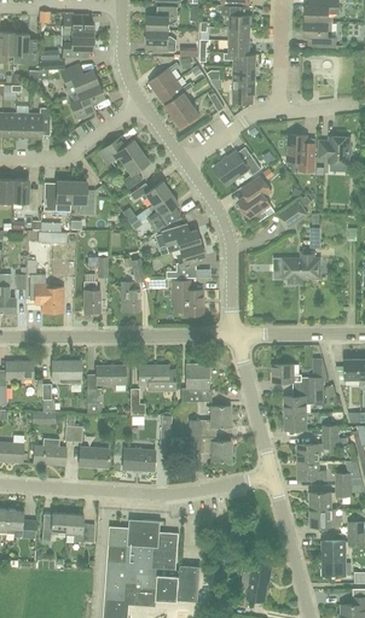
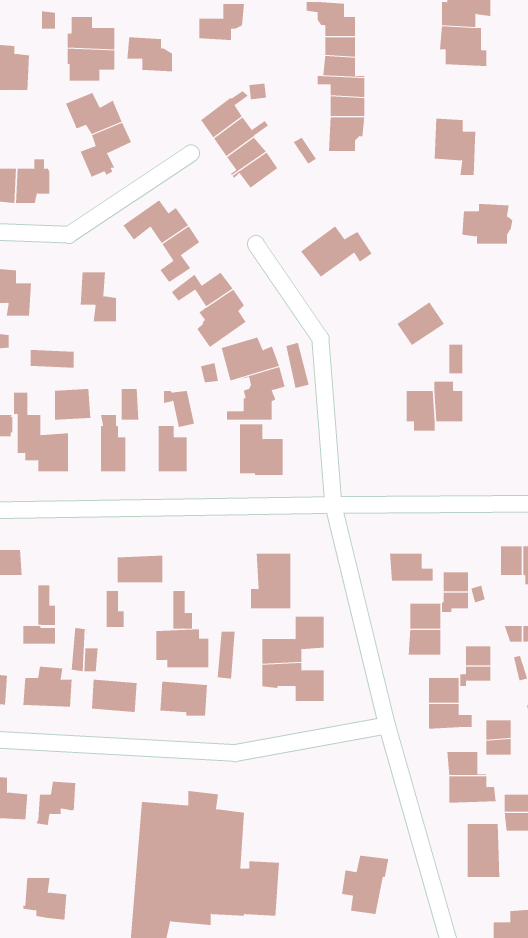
building: [146,28,176,51] -> [127,37,173,72]
building: [288,133,315,170] -> [434,118,476,175]
building: [239,175,271,216] -> none
building: [44,179,71,210] -> none
building: [51,360,81,383] -> none
building: [139,363,174,389] -> [155,629,209,668]
building: [65,513,94,541] -> [23,877,67,920]

